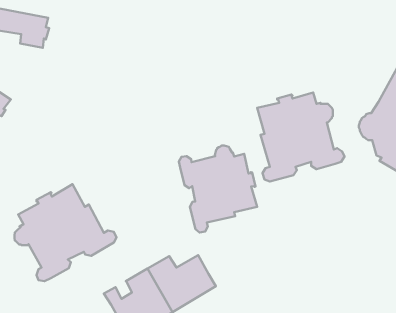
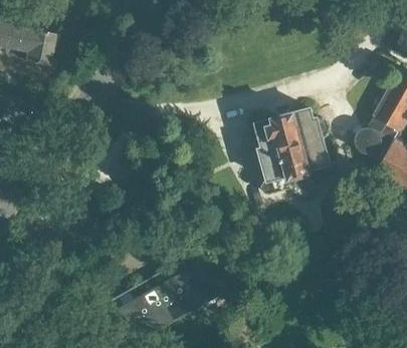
building: [179,145,257,232] -> none
building: [14,184,117,281] -> none

